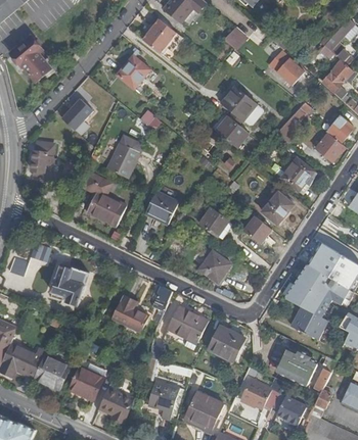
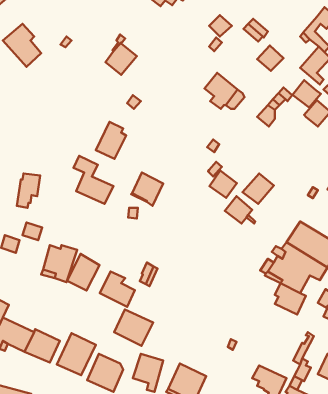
building: [143,20,176,53] -> none
building: [61,99,93,131] -> none
building: [216,115,249,147] -> none
building: [315,133,345,161] -> [293,80,321,108]
building: [30,141,54,177] -> [17,174,40,208]
building: [280,158,316,194] -> none
building: [199,207,228,236] -> [210,171,237,198]
building: [198,250,231,283] -> none
building: none -> [67,254,100,290]
building: [167,305,208,343] -> [114,310,153,346]
building: [208,325,244,360] -> none
building: [276,350,316,384] -> none
building: [241,379,278,408] -> none

